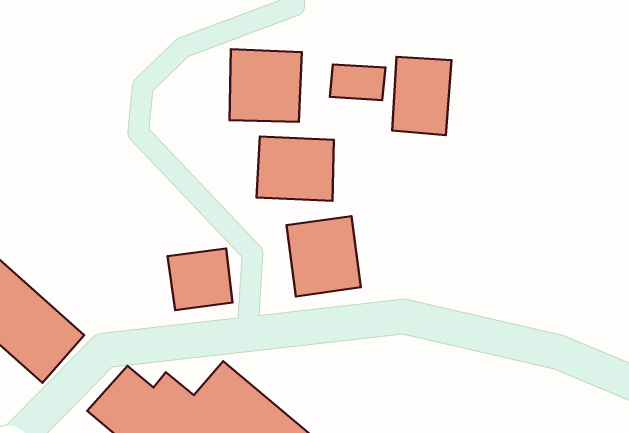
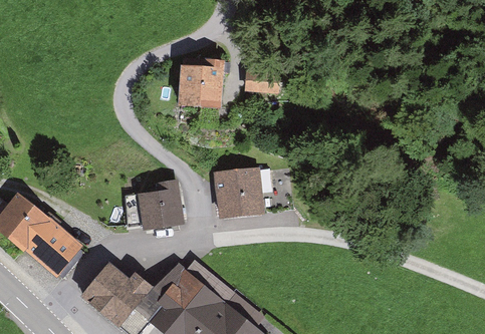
building: [392,57,451,135] -> none
building: [257,137,334,201] -> none

